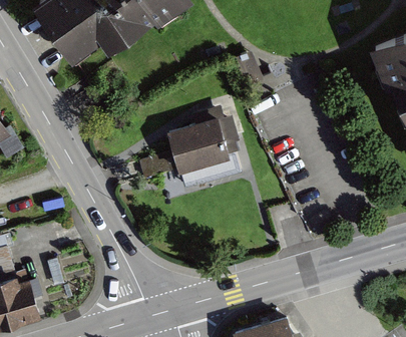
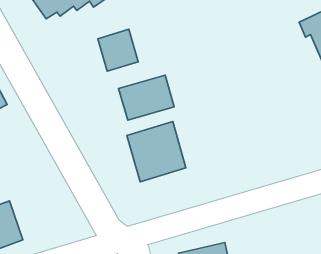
building: none -> [98,29,138,71]
building: none -> [127,121,186,182]

